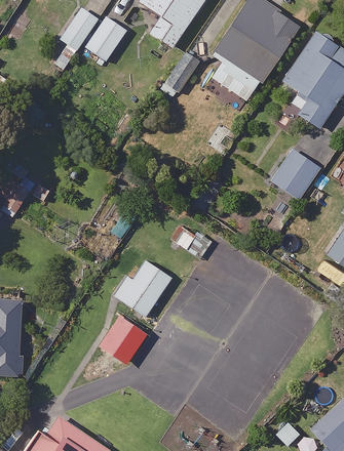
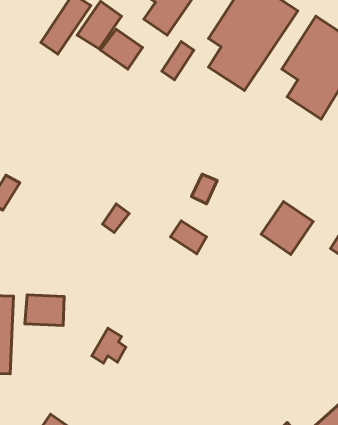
building: none -> [100,29,142,69]
building: [270,149,320,200] -> [261,201,313,254]
building: [114,260,170,317] -> none
building: none -> [25,295,64,326]

